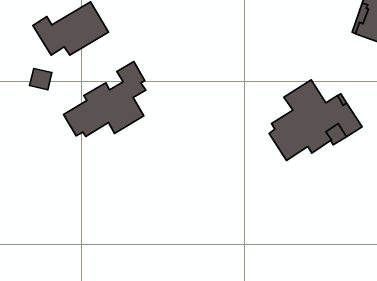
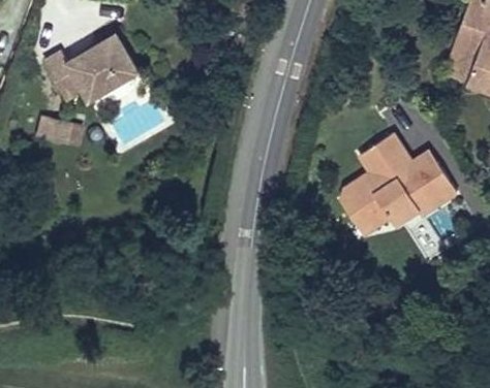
building: [63,61,146,136] -> none

